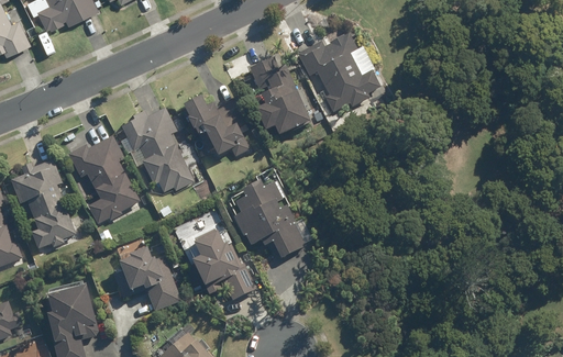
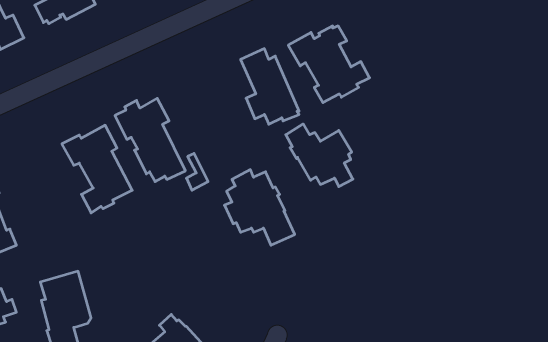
building: [181,92,250,156] -> [286,124,353,187]
building: [11,158,75,247] -> none
building: [190,228,256,299] -> none
building: [113,245,181,311] -> none

